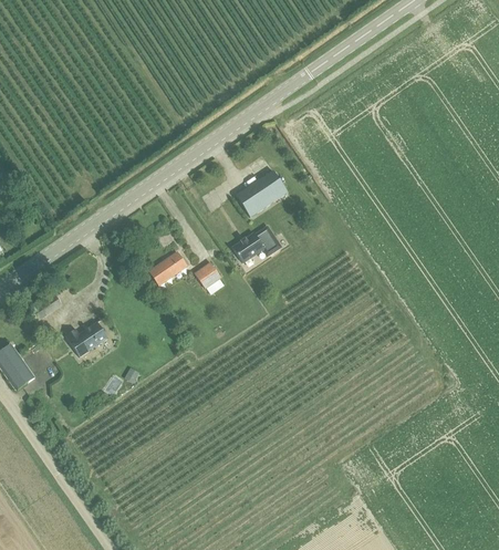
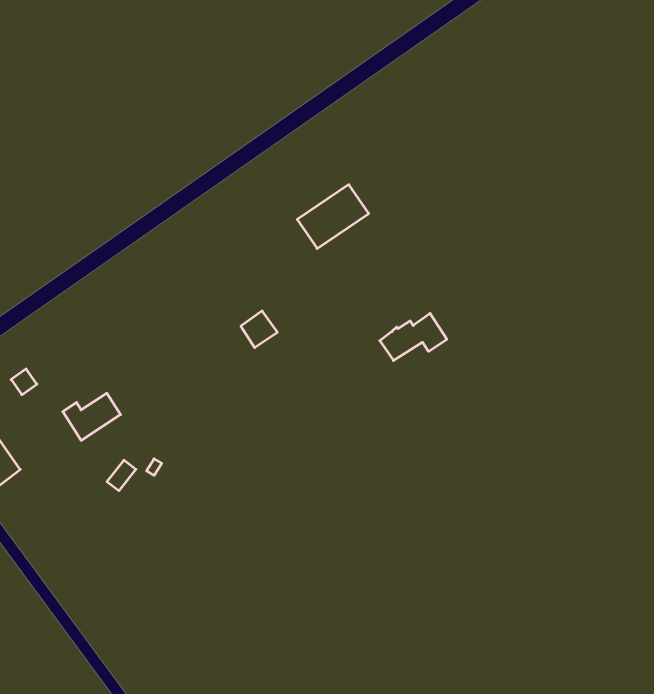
building: [232,227,281,261] -> [380,313,447,361]
building: [149,251,187,284] -> none

